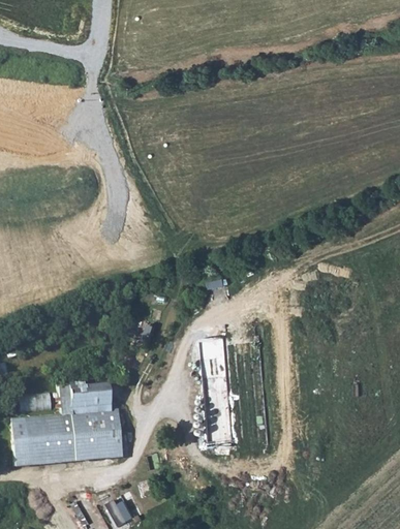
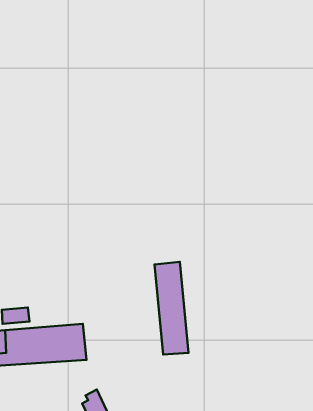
building: [66,383,106,413] -> none

